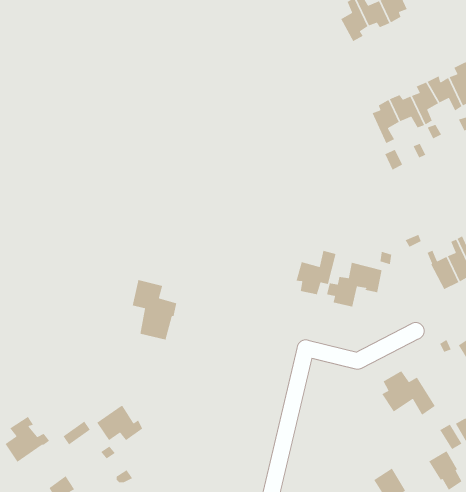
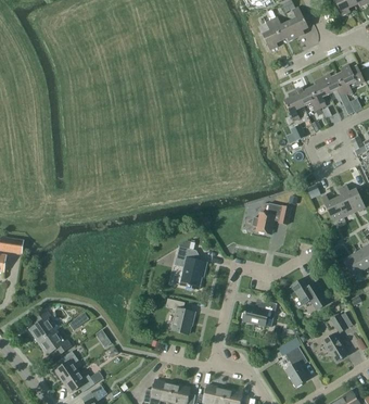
building: [296,250,336,295] -> none
building: [132,279,177,340] -> [175,247,206,289]
building: none -> [166,299,193,334]
building: none -> [242,300,277,326]
building: [96,405,143,441] -> [38,330,71,355]

